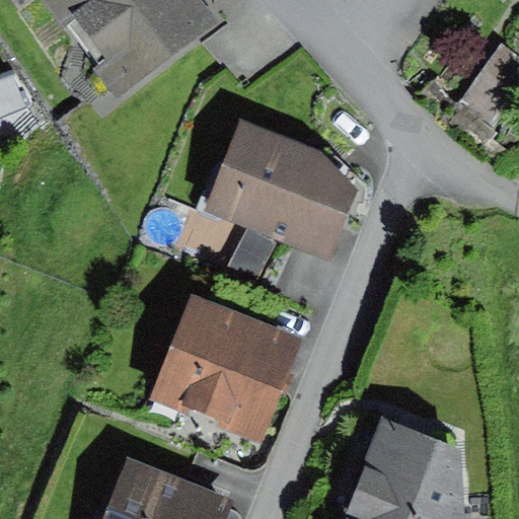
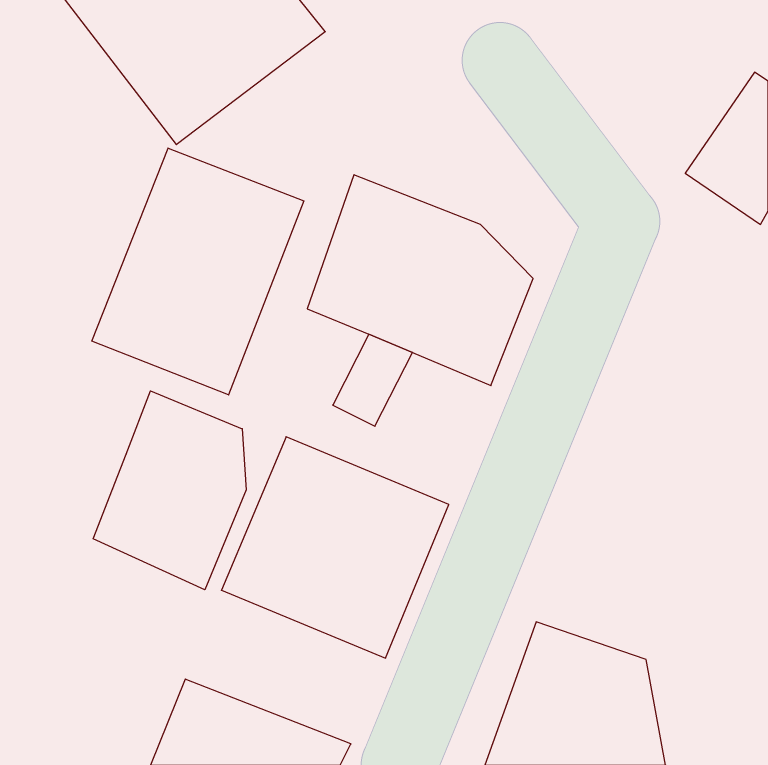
building: none -> [92,148,304,395]
building: none -> [93,391,246,590]

